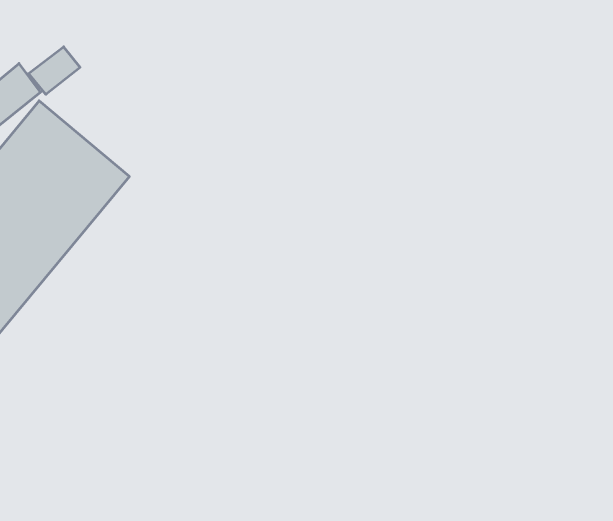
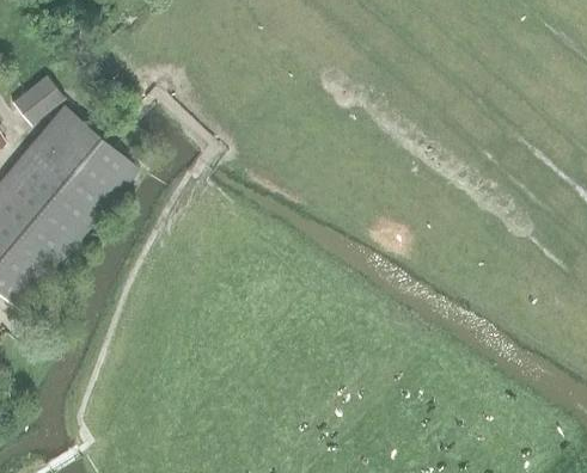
building: [28,47,80,94] -> none

